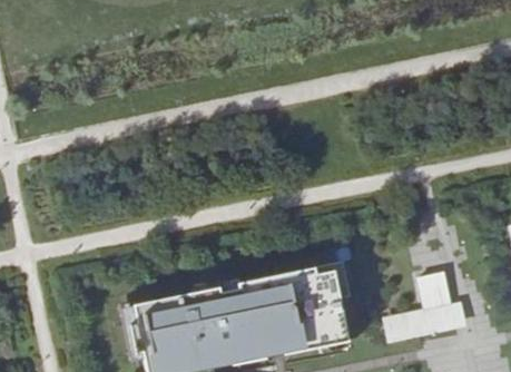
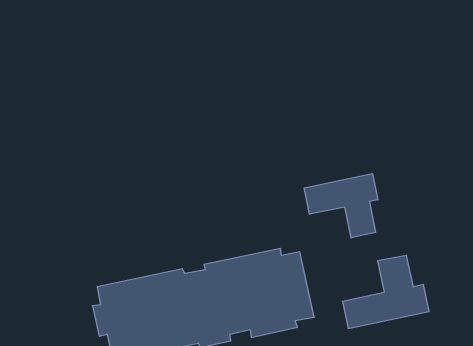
building: none -> [304,174,378,238]

